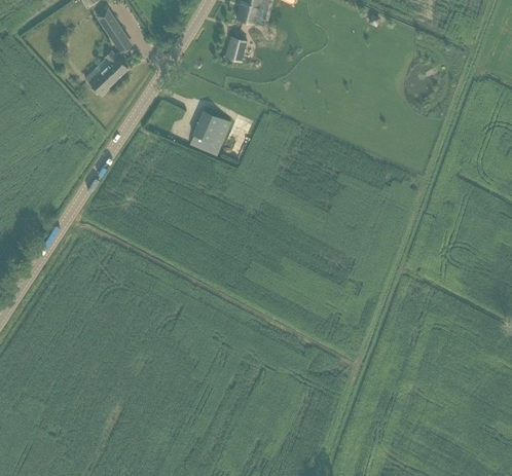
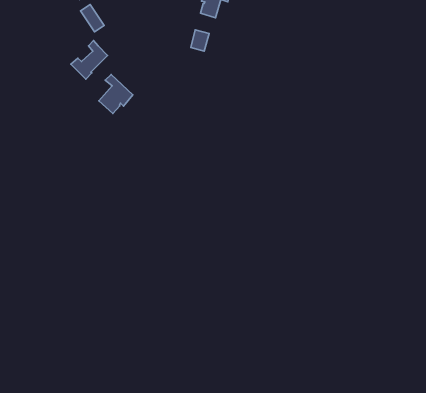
building: none -> [99,74,133,114]
building: [190,110,231,156] -> none

